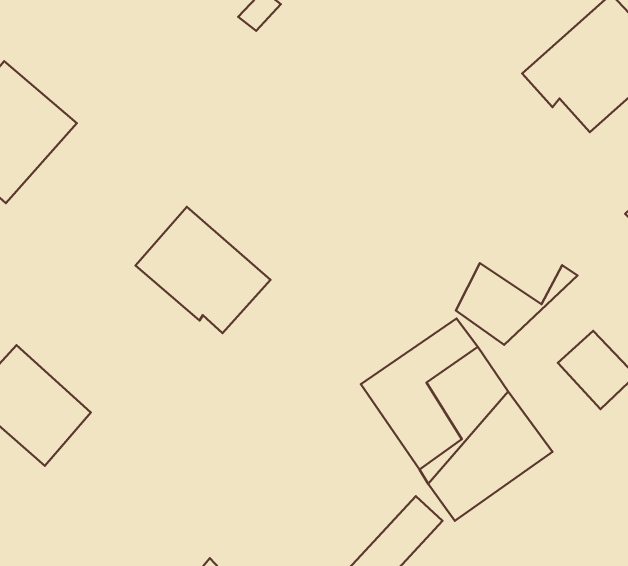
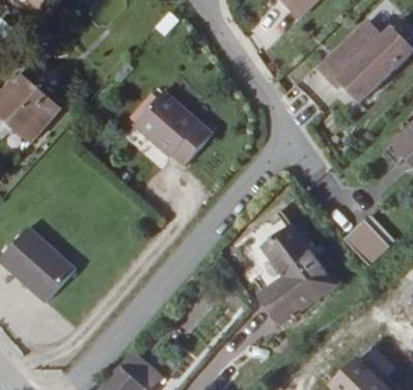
building: [135,207,270,333] -> [126,92,204,166]
building: [456,263,577,345] -> none

